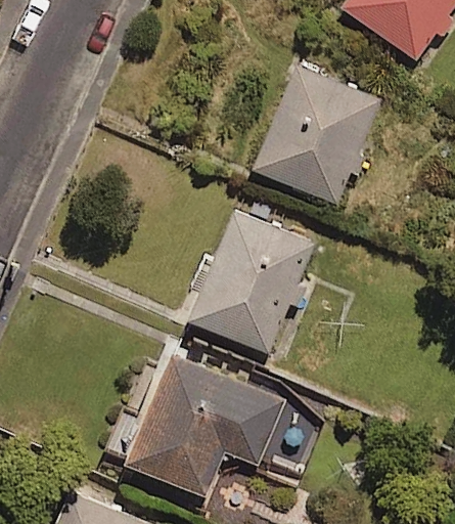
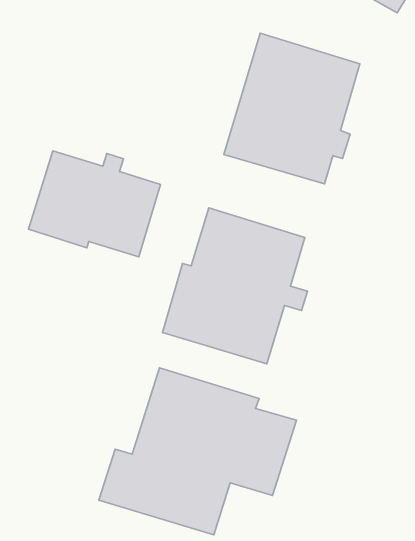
building: none -> [28,151,161,257]

